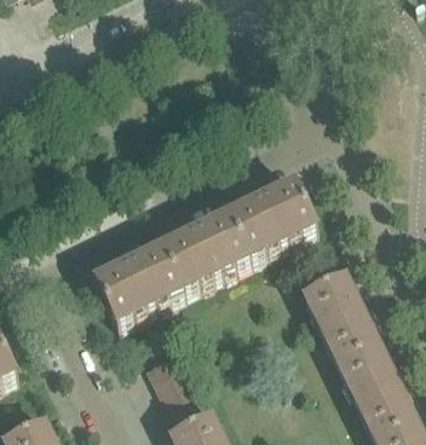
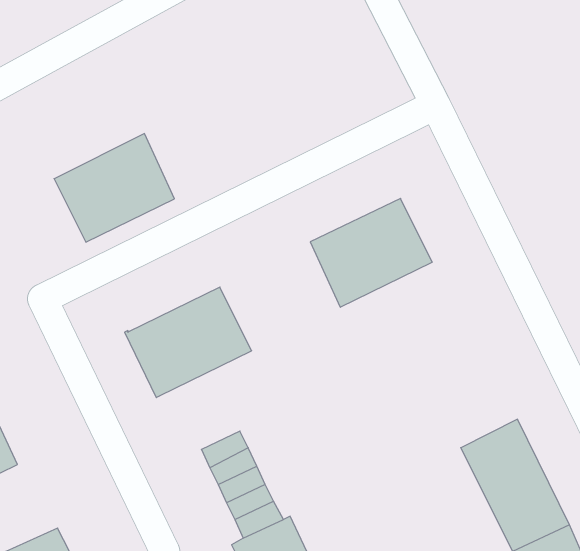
building: [161,212,248,290] -> [54,134,174,242]
building: [301,271,376,360] -> none

